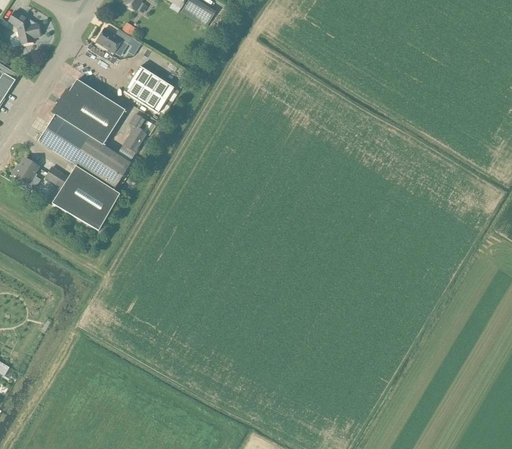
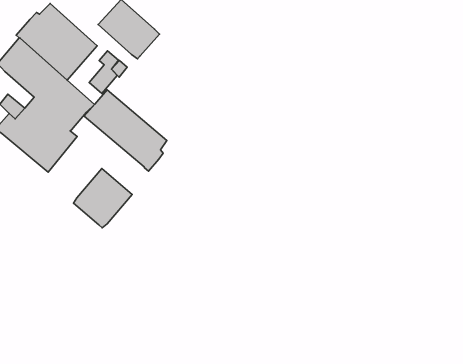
building: none -> [84,90,167,171]
building: none -> [73,169,132,228]

